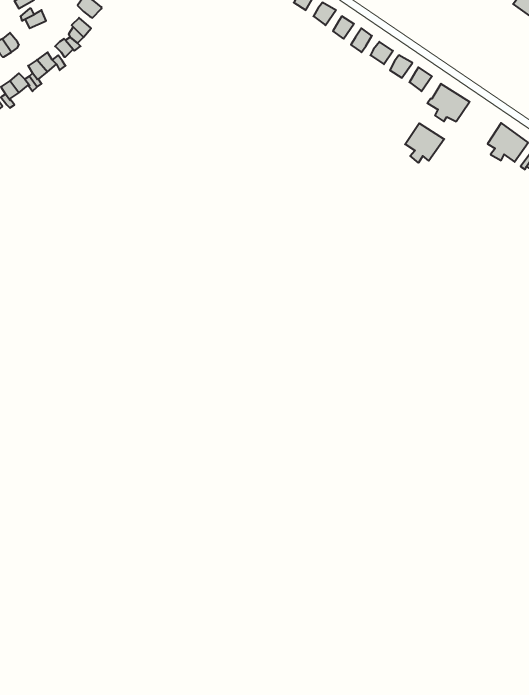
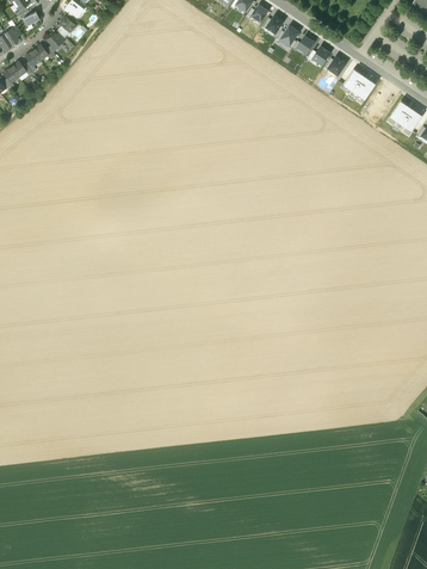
building: [405,123,444,163] -> none

